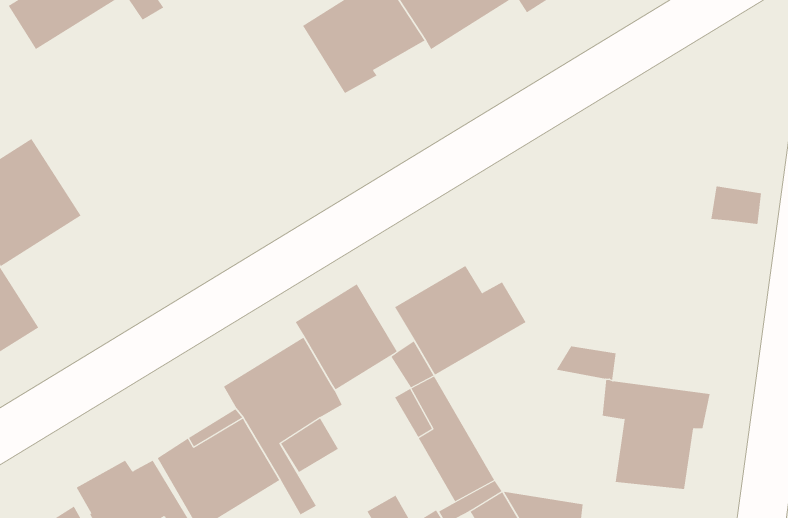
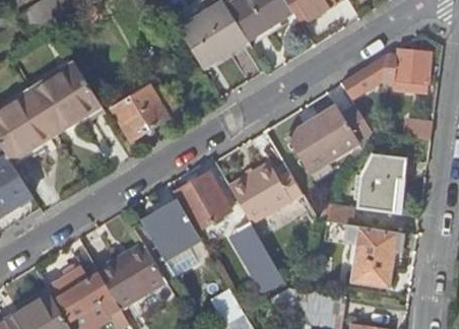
building: none -> [341,47,430,98]
building: none -> [28,63,101,134]
building: none -> [111,84,182,140]
building: none -> [285,104,372,170]
building: none -> [357,153,407,212]

